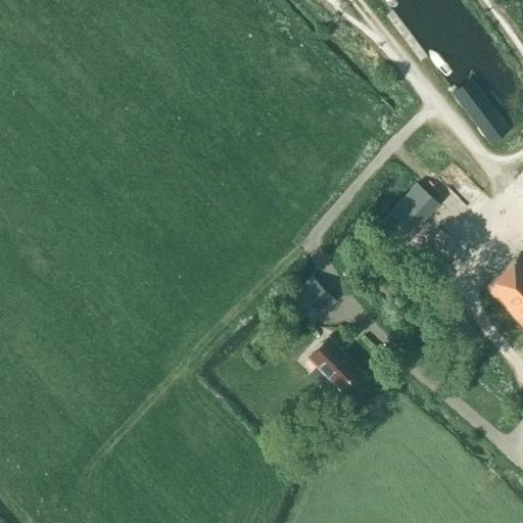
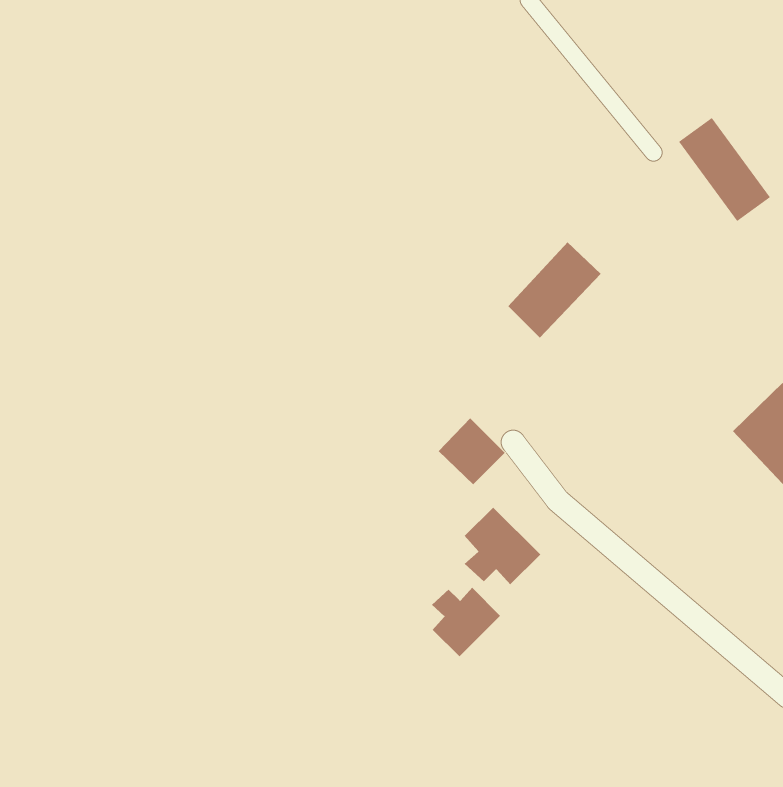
building: [379,183,441,247] -> [507,241,601,338]
building: none -> [431,587,501,657]

